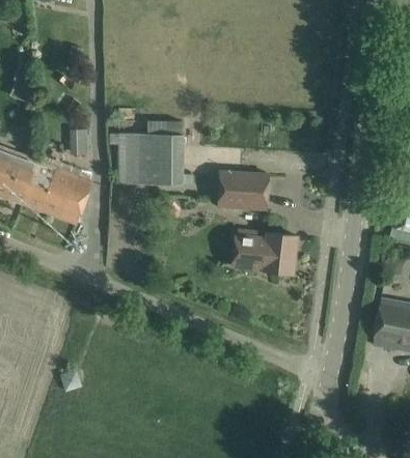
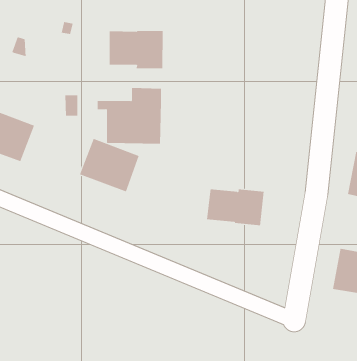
building: none -> [109,30,163,69]
building: [24,163,91,223] -> [79,138,139,192]
building: [218,172,268,210] -> none

